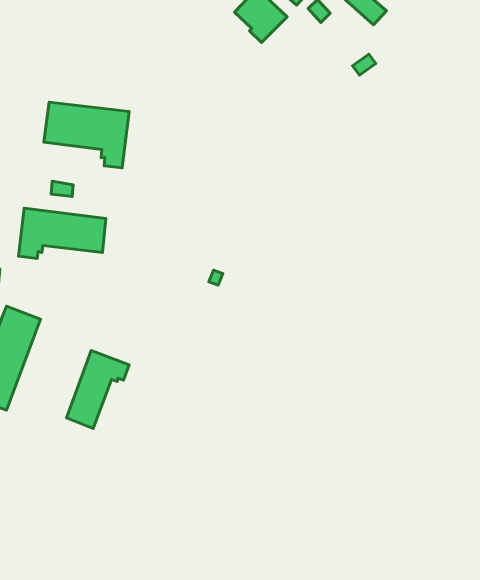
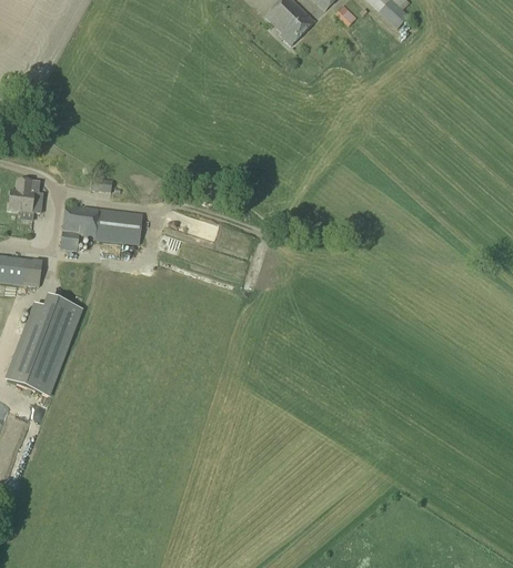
building: [44,102,129,168] -> none
building: [67,351,129,428] -> none

